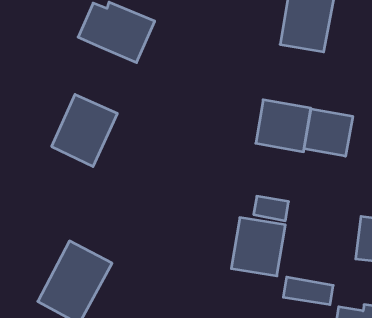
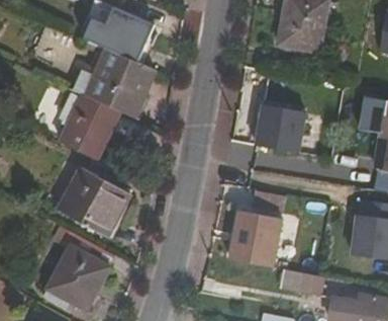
building: none -> [85,49,157,117]
building: [304,109,353,156] -> none
building: none -> [56,168,130,238]

